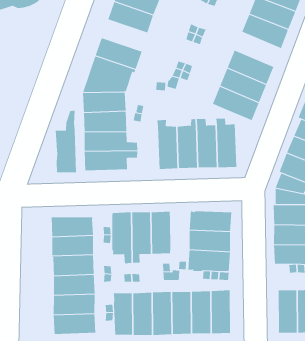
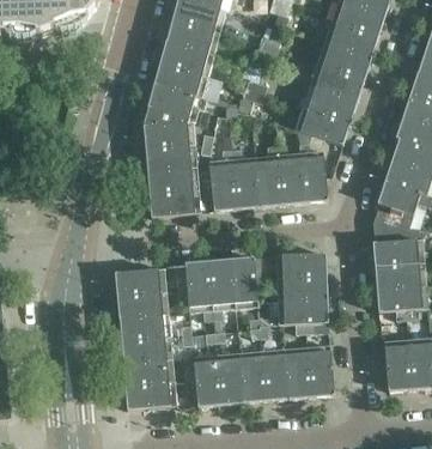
building: none -> [160,37,214,72]
building: none -> [316,42,371,80]
building: [55,110,77,173] -> [208,135,237,210]

